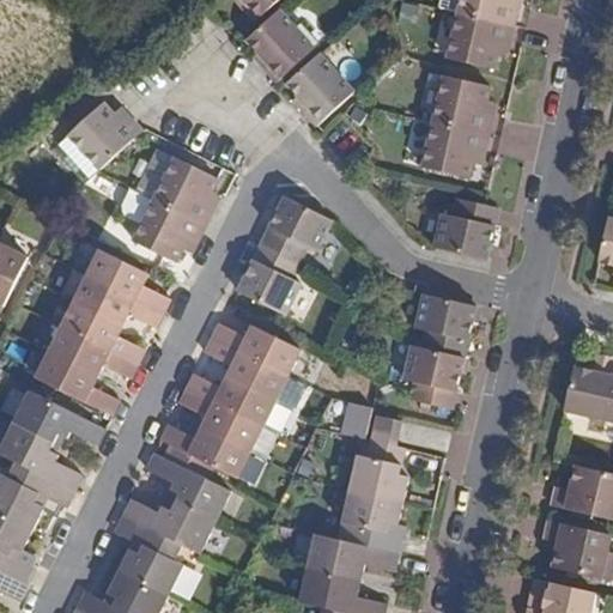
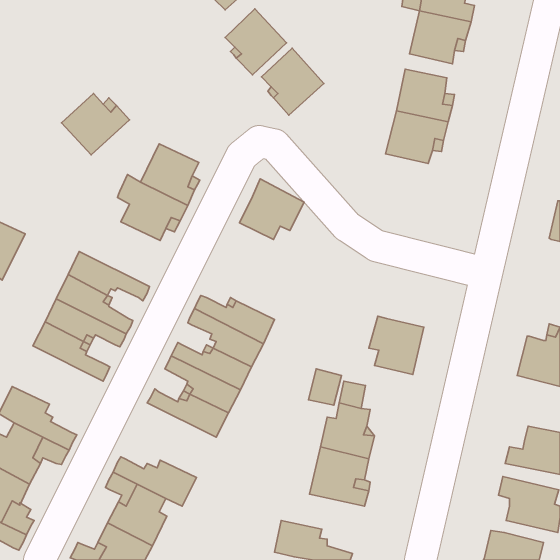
building: [433,199,497,259] -> none
building: [236,243,299,314] -> none
building: [86,249,171,312] -> none
building: [414,293,474,357] -> none
building: [13,389,107,444] -> none
building: [146,454,230,521] -> none
building: [306,533,397,577] -> none

